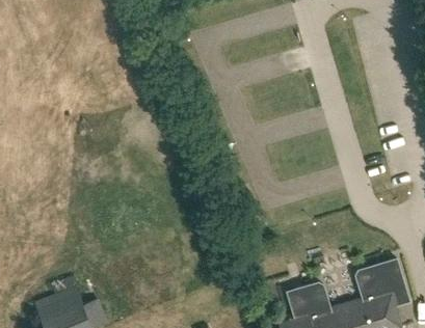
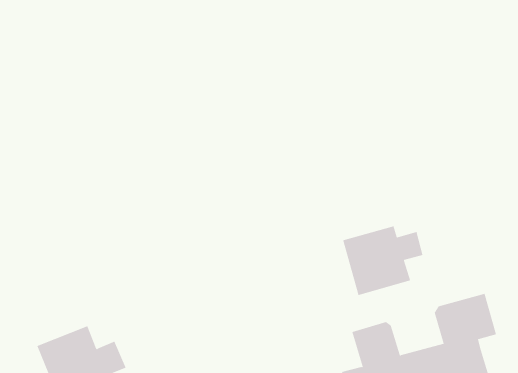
building: none -> [342,225,423,296]

